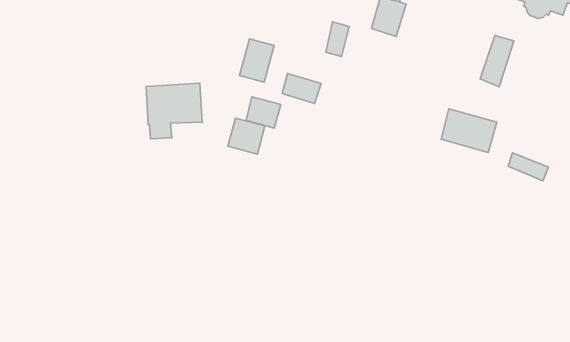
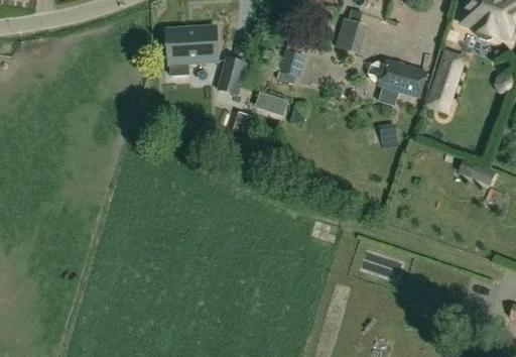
building: [146,83,202,139] -> [166,26,217,77]
building: [441,109,497,152] -> [377,60,427,99]
building: [228,118,265,154] -> none

